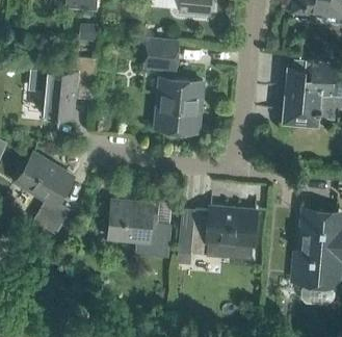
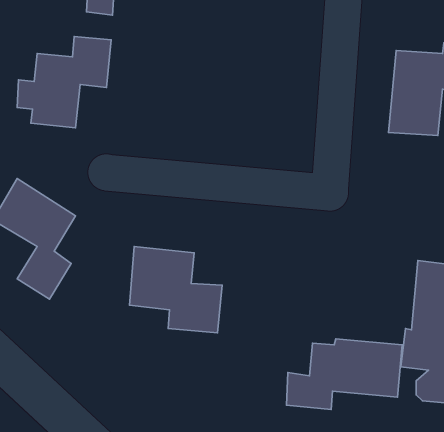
building: [146,40,203,132] -> none
building: [178,207,256,255] -> [286,339,402,410]

